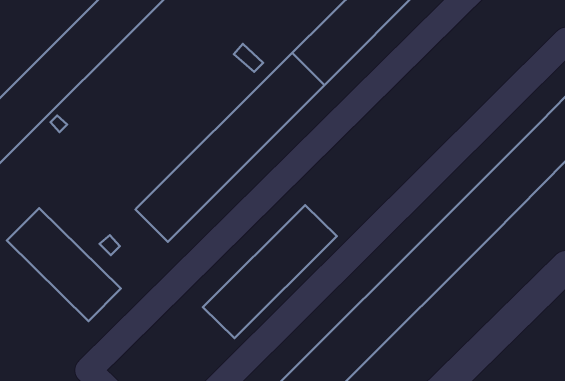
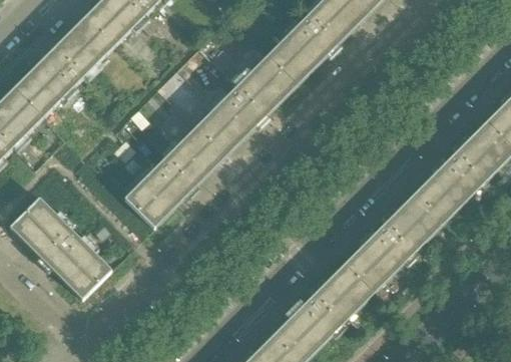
building: [203,205,337,338] -> none

